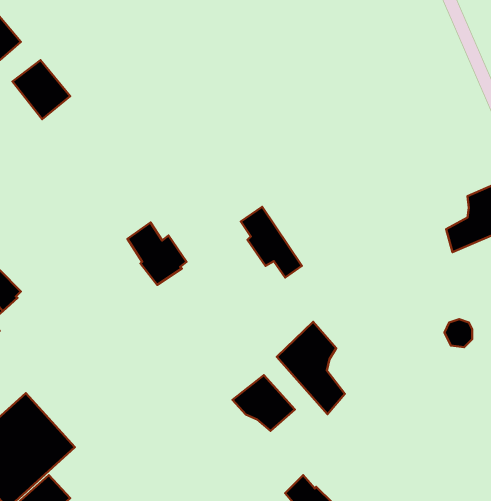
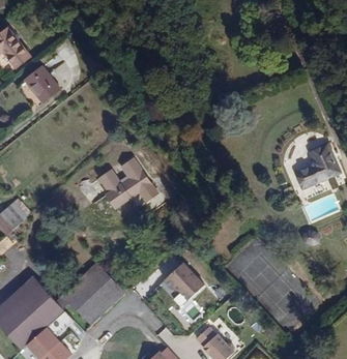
building: [241,207,302,277] -> [118,156,156,201]
building: [277,322,345,414] -> none
building: none -> [61,264,123,325]

